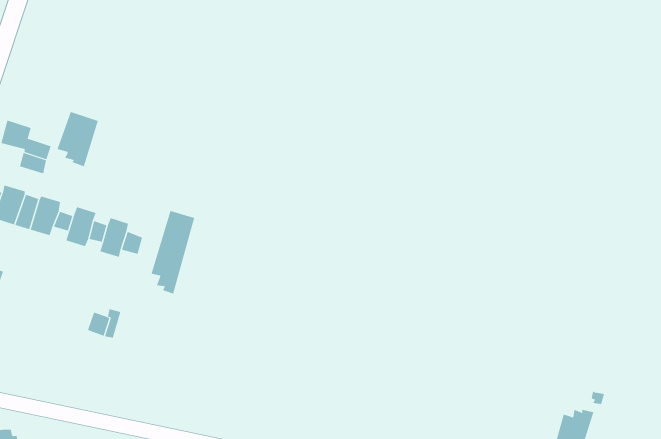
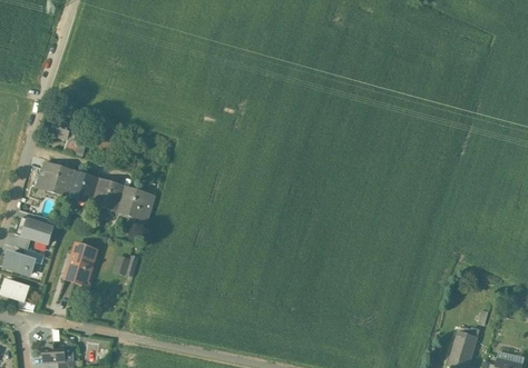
building: [57,111,98,167] -> none
building: [151,210,195,294] -> none
building: none -> [65,242,97,284]

